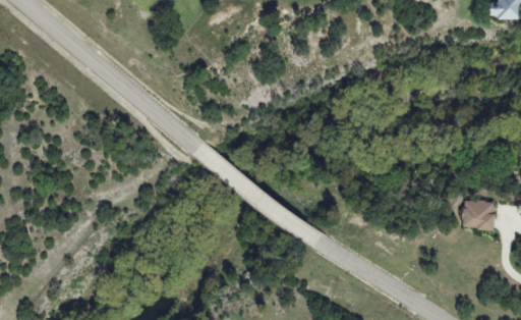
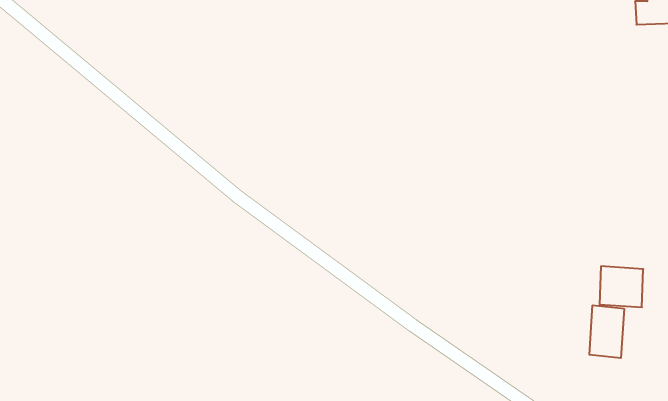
building: none -> [589,305,624,358]

